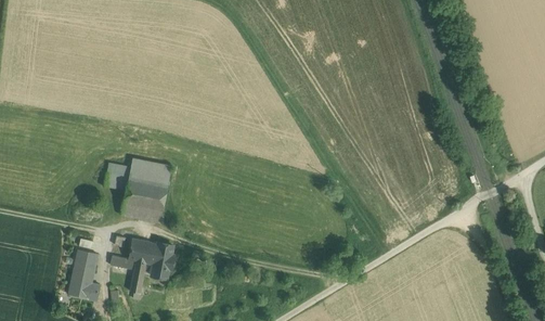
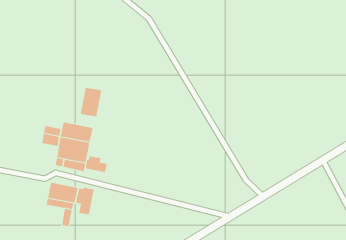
building: none -> [80,87,102,117]
building: none -> [85,156,107,173]
building: [68,249,101,300] -> none

